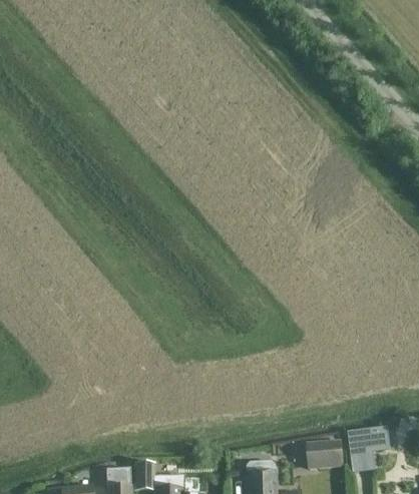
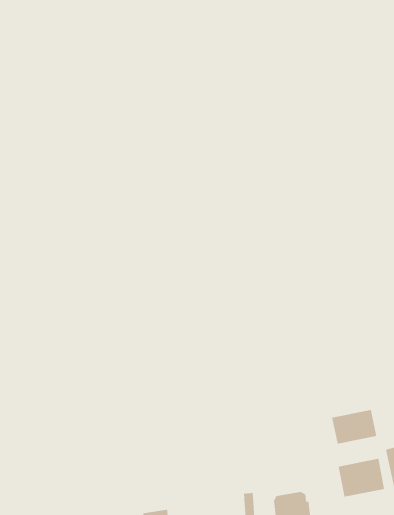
building: none -> [332,409,377,444]

